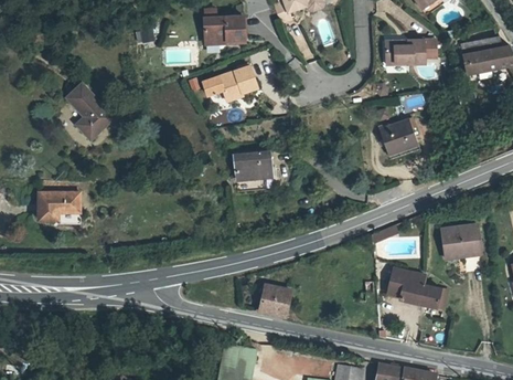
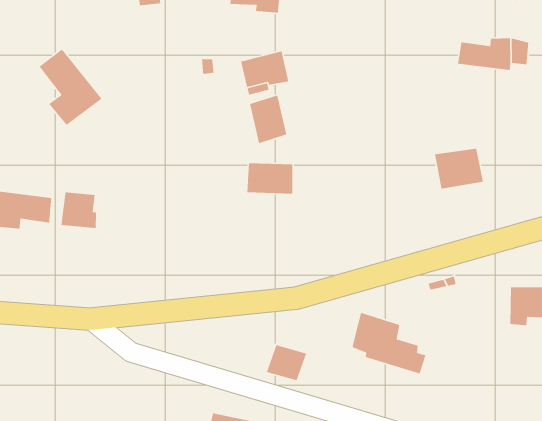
building: none -> [249,94,287,144]
building: none -> [61,192,97,229]
building: [388,266,446,309] -> [351,312,426,375]

